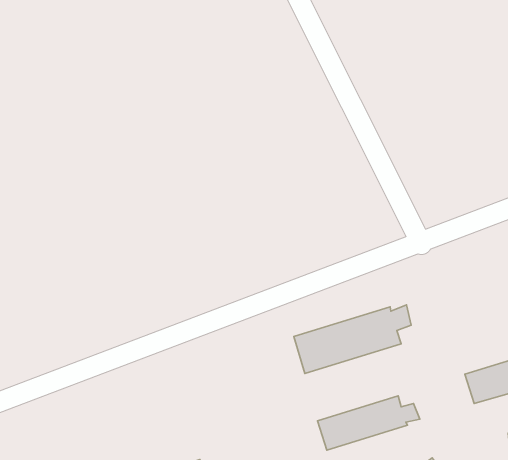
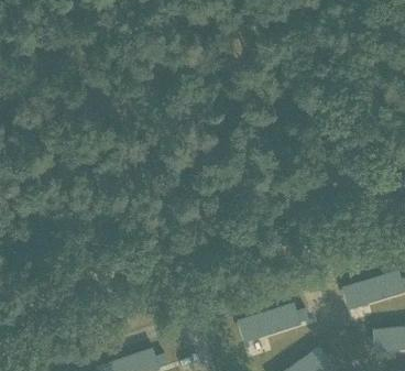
building: [294,305,411,374] -> none

